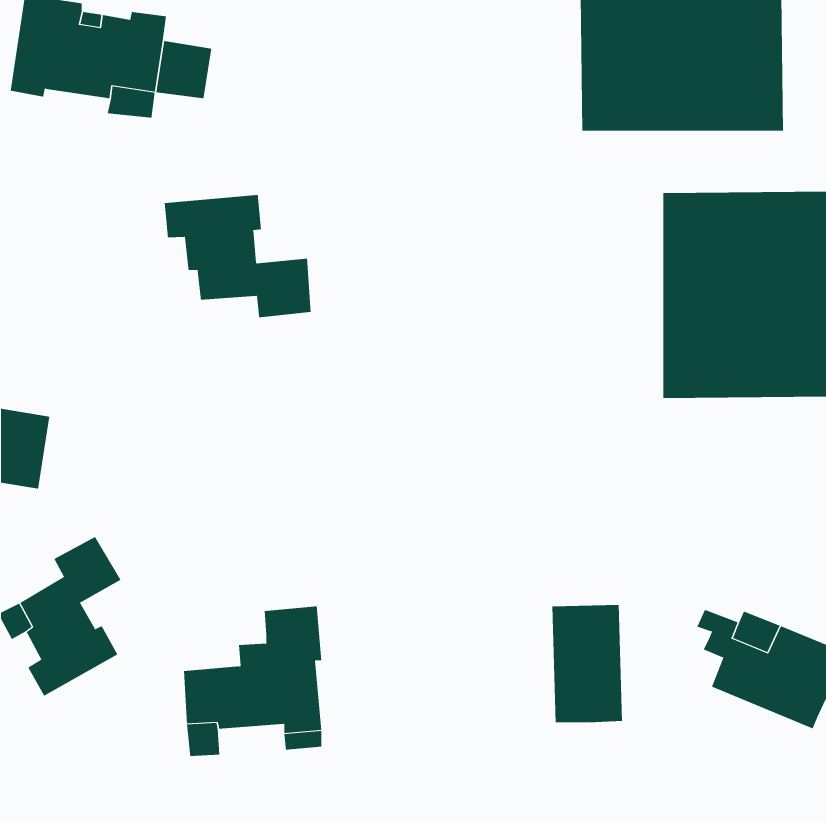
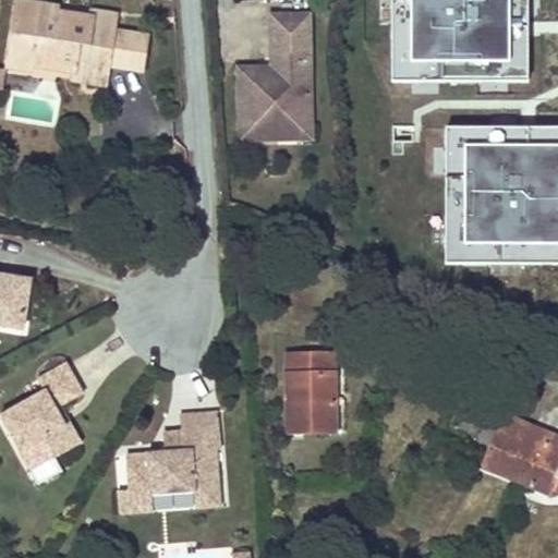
building: none -> [234,15,316,144]
building: [164,194,311,318] -> none
building: [551,604,623,723] -> [287,350,335,429]

